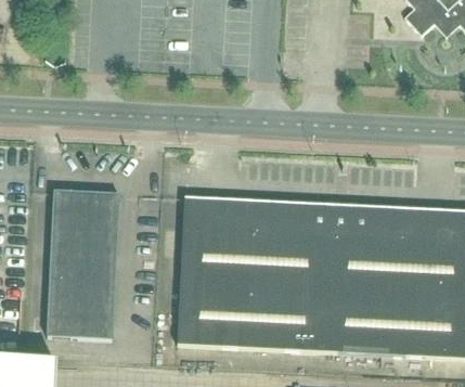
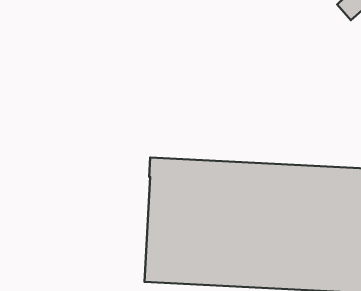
building: [47,191,120,339] -> none

